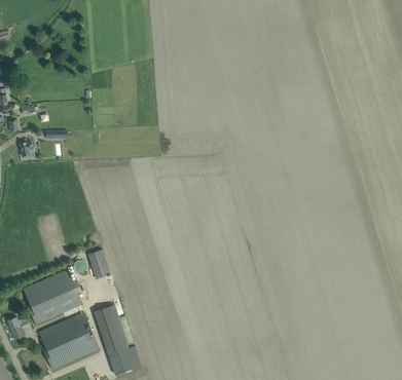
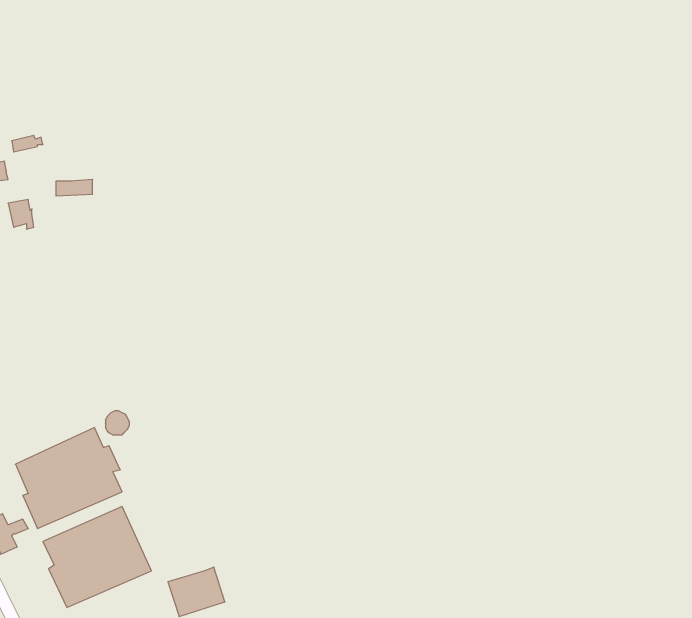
building: [87,249,110,278] -> none
building: [94,304,129,354] -> none

